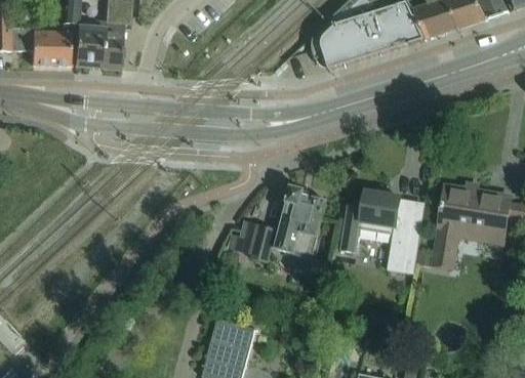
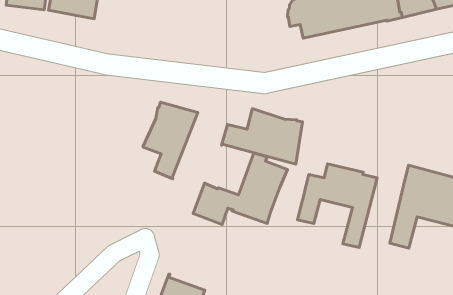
building: none -> [221,109,303,164]
building: none -> [143,102,198,179]

